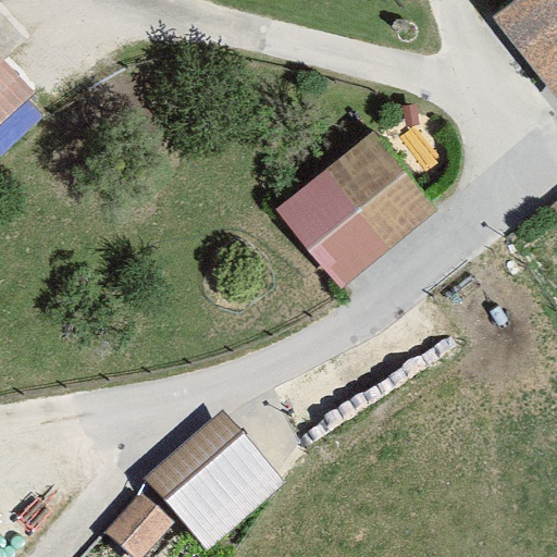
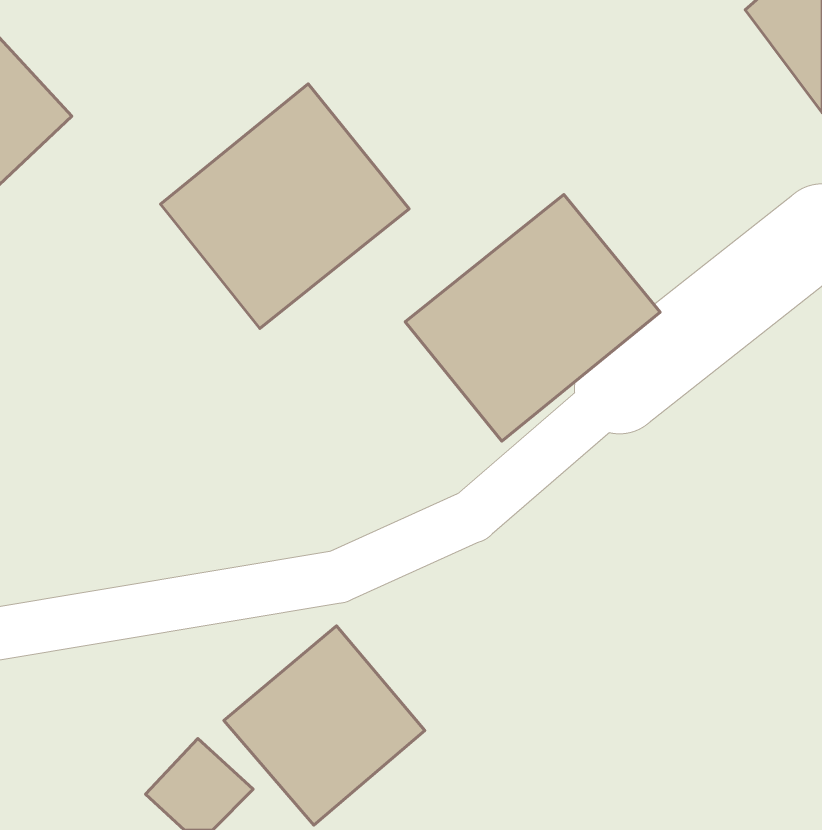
building: none -> [160,84,409,328]

